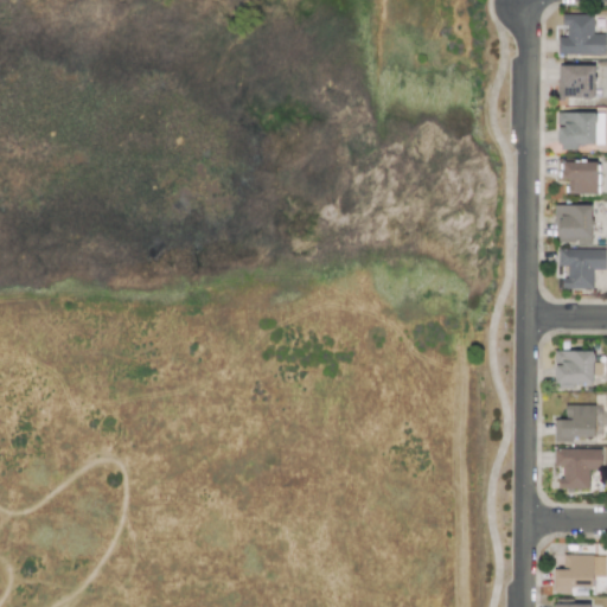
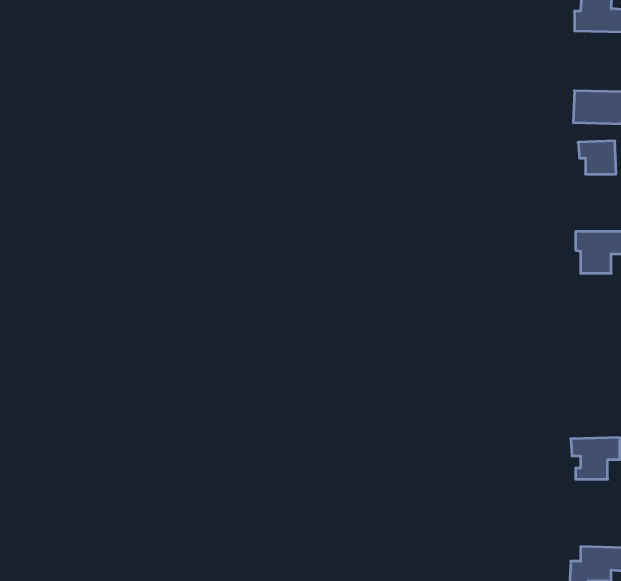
building: [561,65,596,98] -> none
building: [560,205,594,243] -> none
building: [557,350,596,383] -> none
building: [556,404,599,442] -> none

